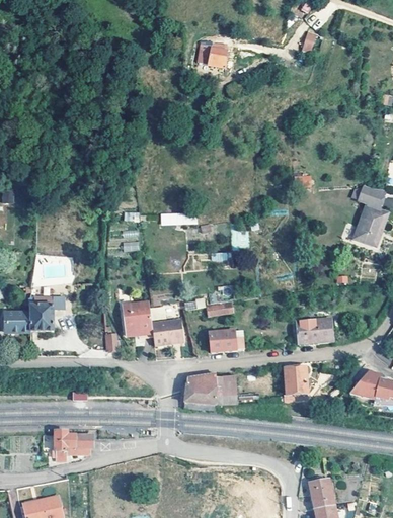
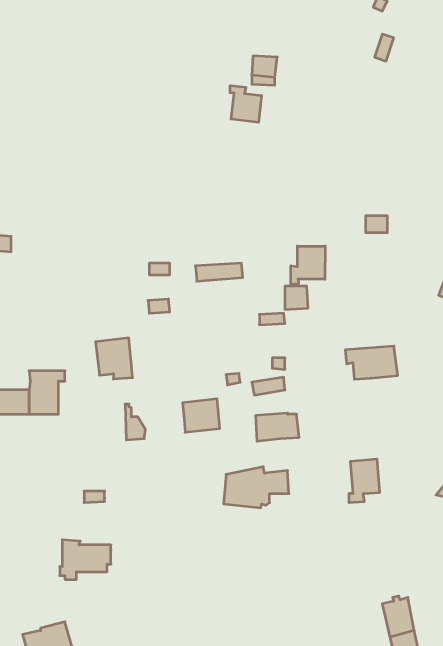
building: none -> [230,86,261,122]
building: none -> [291,246,325,285]
building: [123,300,152,333] -> [96,338,133,379]
building: [291,318,332,344] -> [345,346,398,379]

